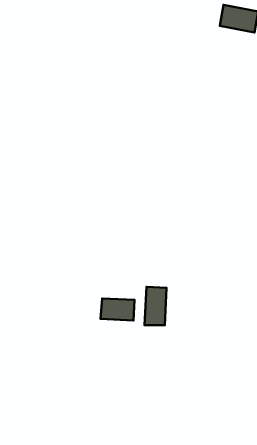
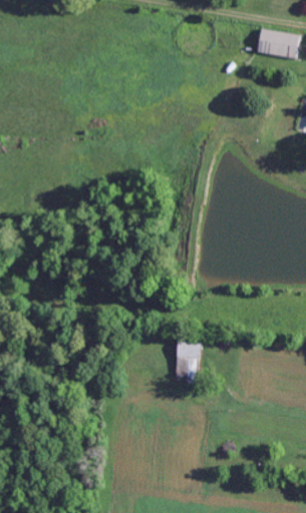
building: [100,298,134,320] -> none

